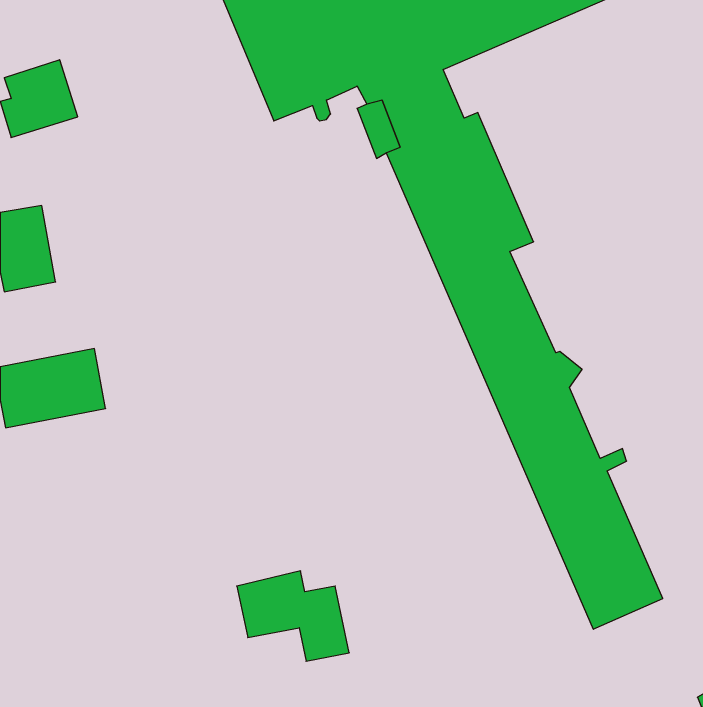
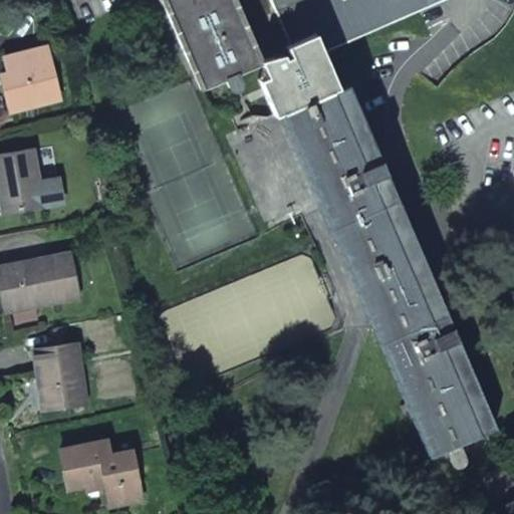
building: none -> [38,342,88,408]
building: [237,571,349,661] -> [63,439,145,504]

